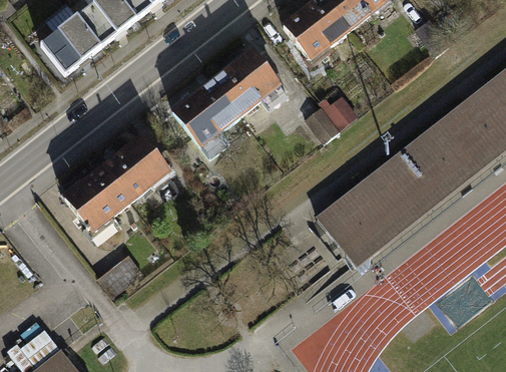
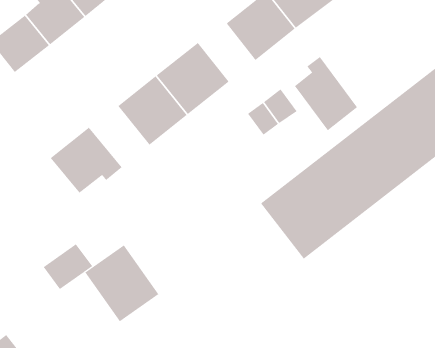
building: none -> [294,56,358,131]
building: [61,163,132,234] -> none
building: none -> [84,245,159,322]

